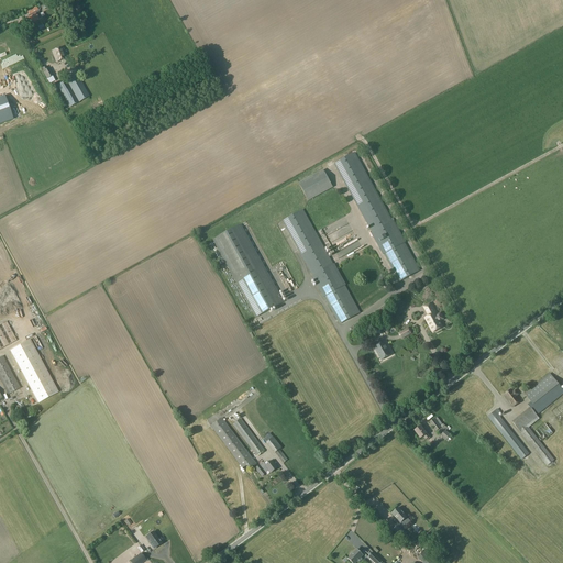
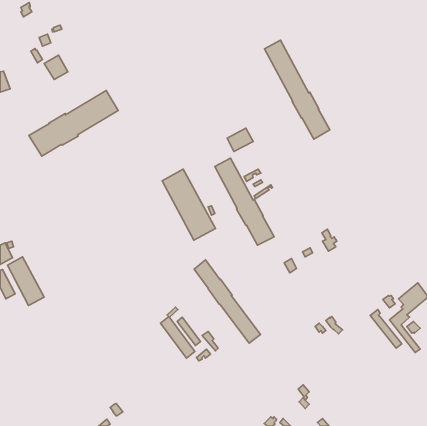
building: none -> [29,90,118,156]
building: [334,151,420,280] -> [265,40,330,139]
building: none -> [194,260,260,343]

